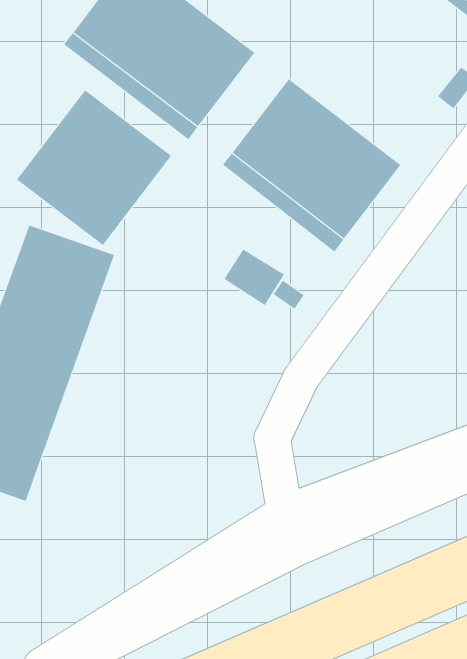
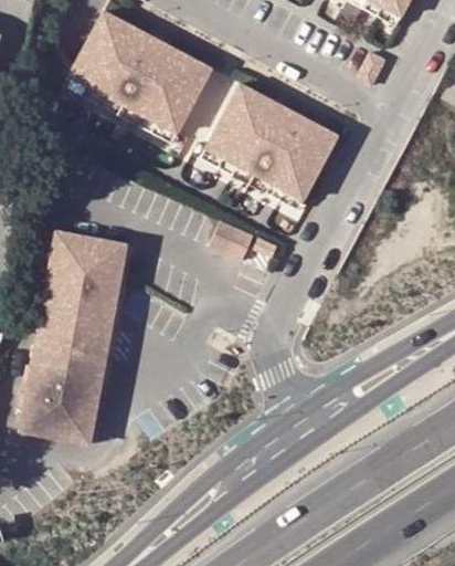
building: [16,90,172,246] -> none

